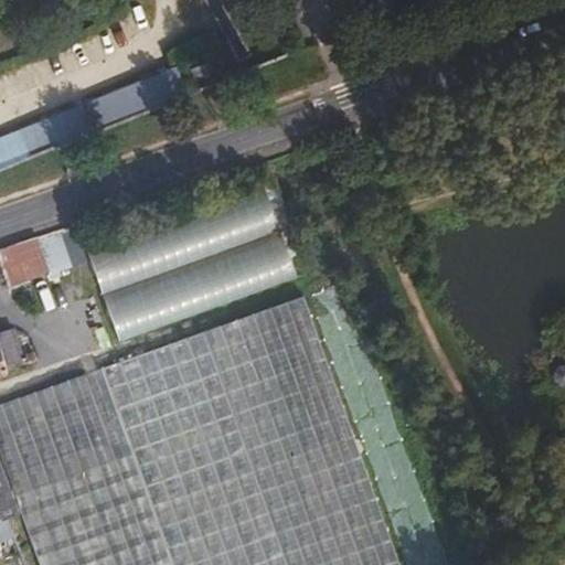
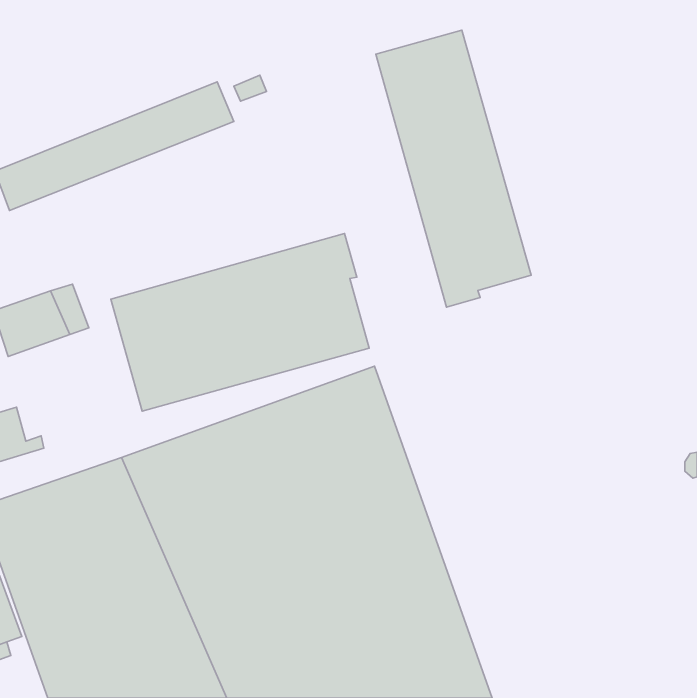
building: none -> [376,30,531,307]

